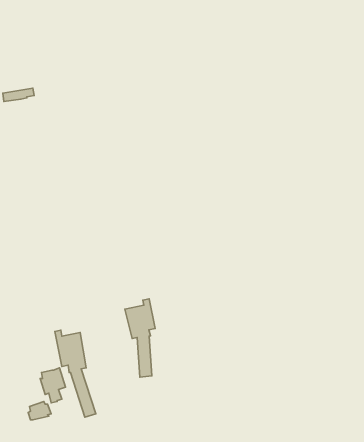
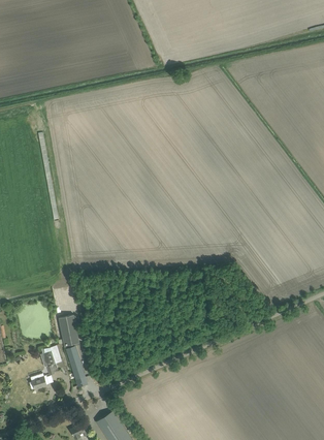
building: [125,299,155,377] -> none

